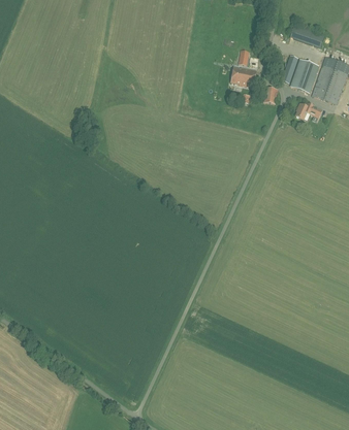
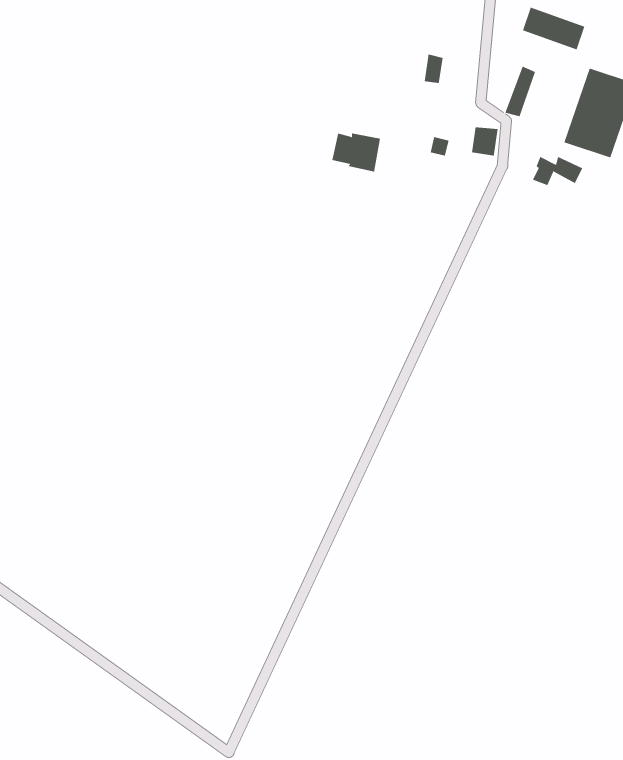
building: [290,59,318,92] -> none
building: [230,67,256,88] -> [332,133,381,172]

